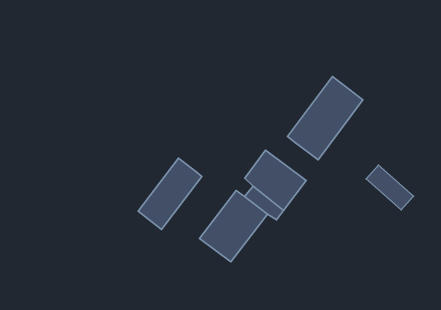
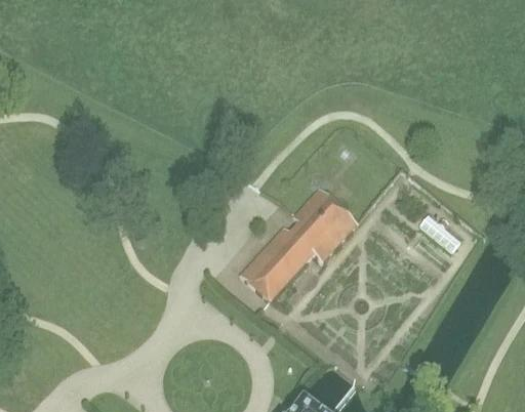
building: [287,76,363,160] -> none
building: [138,158,202,229] -> none

